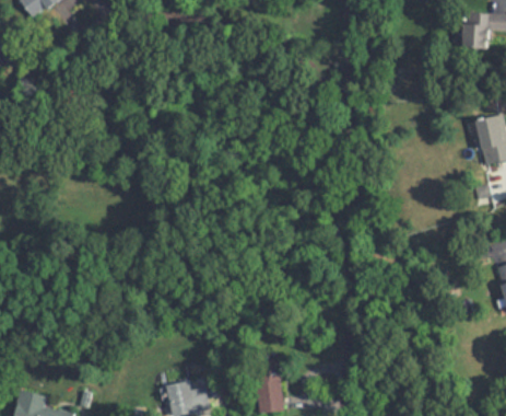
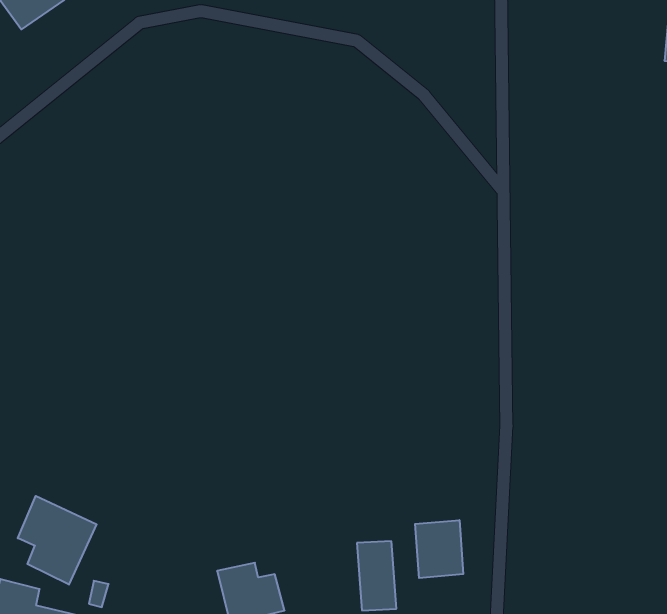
building: none -> [18,496,97,585]
building: none -> [415,520,463,578]

